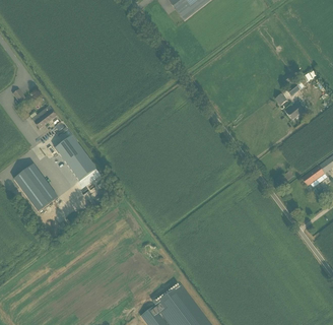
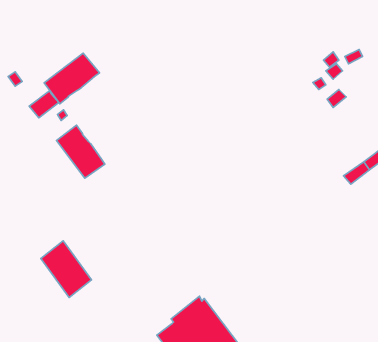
building: none -> [44,53,99,104]
building: [13,164,57,212] -> [41,241,92,297]

